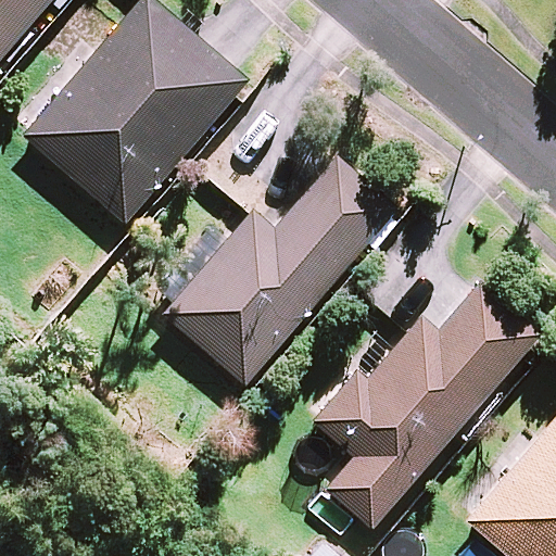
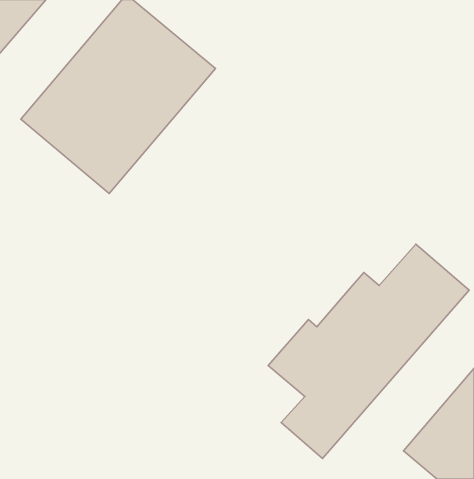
building: [161,155,399,384] -> none

